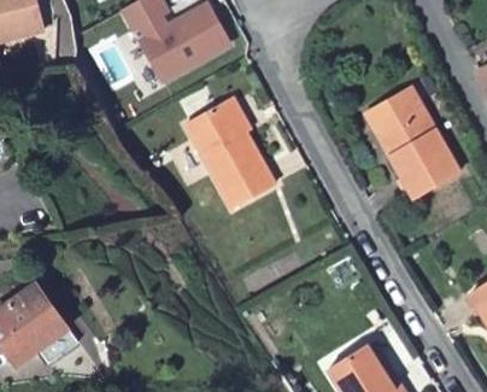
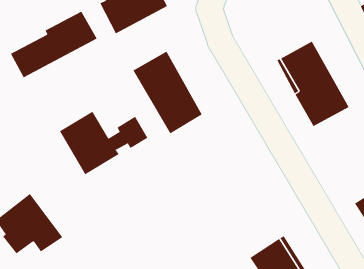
building: none -> [10,11,97,78]
building: none -> [59,111,148,175]

